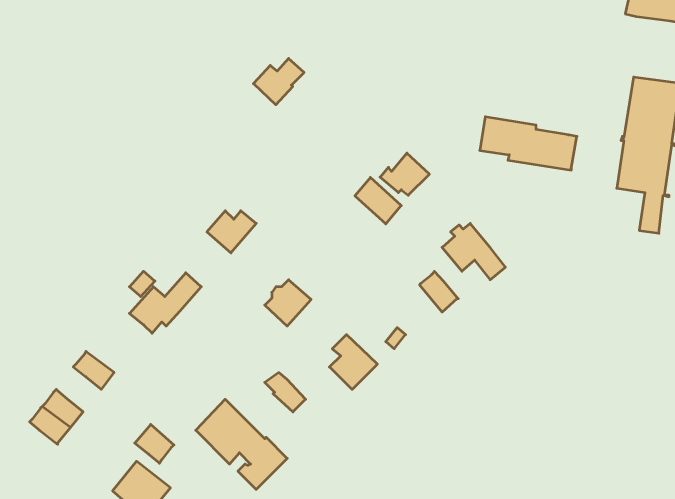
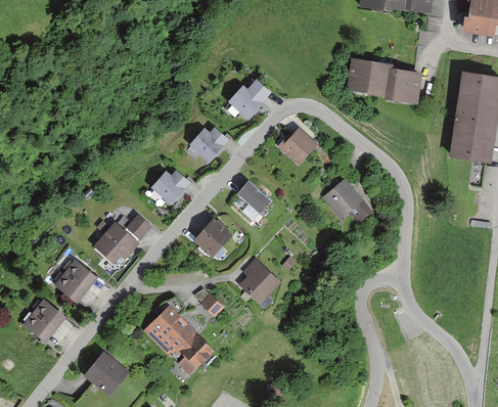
building: [253,58,304,105] -> [226,83,263,117]
building: [480,117,577,170] -> [349,60,419,99]
building: none -> [191,130,226,161]
building: [355,177,401,224] -> [236,180,270,214]
building: [420,271,458,312] -> none
building: none -> [65,261,95,288]
building: [135,424,174,463] -> none

